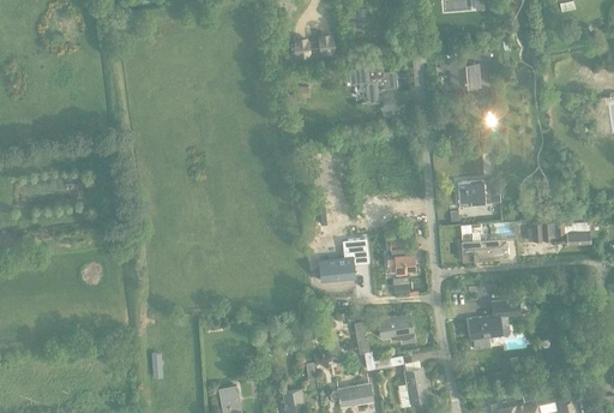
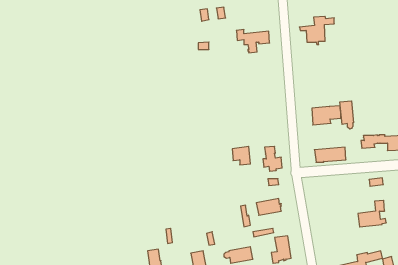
building: none -> [340,101,353,129]
building: [325,257,354,281] -> none
building: [468,301,508,340] -> [358,200,386,227]

